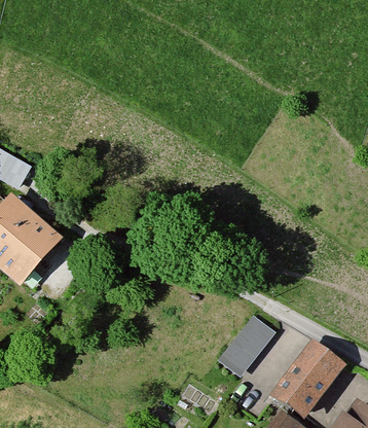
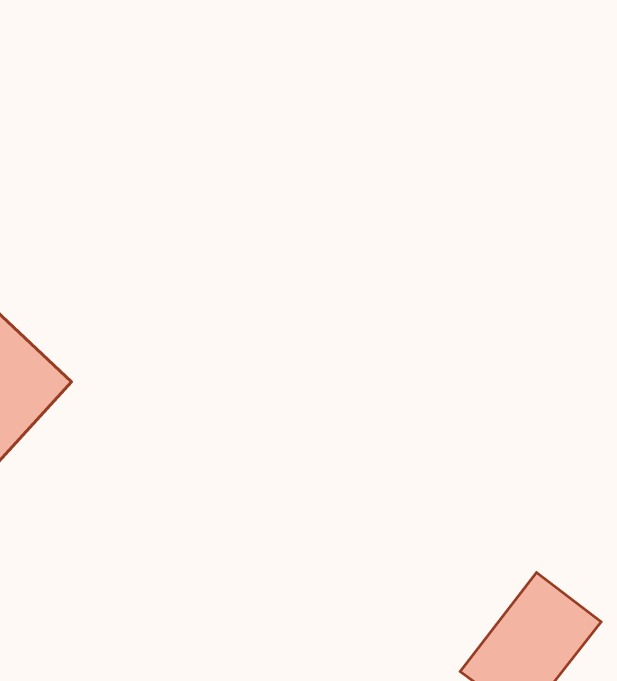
building: [220,315,279,380] -> none

